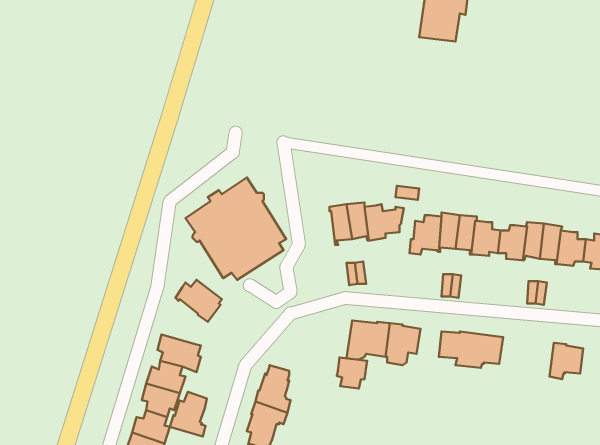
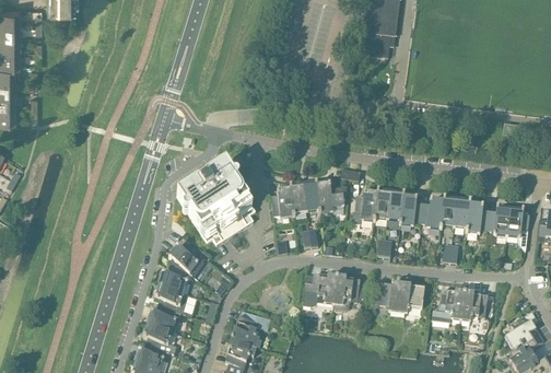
building: none -> [271,188,294,217]
building: none -> [159,257,188,292]
building: none -> [432,290,465,320]
building: [337,358,367,389] -> none
building: [170,392,207,436] -> none

